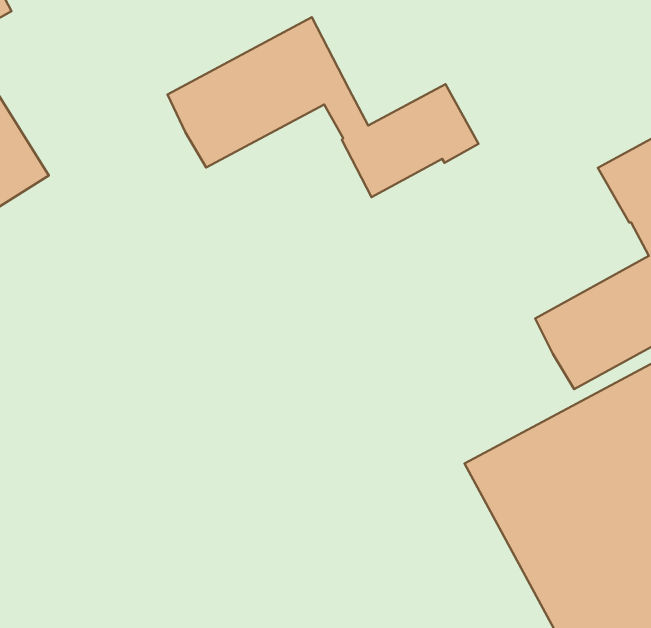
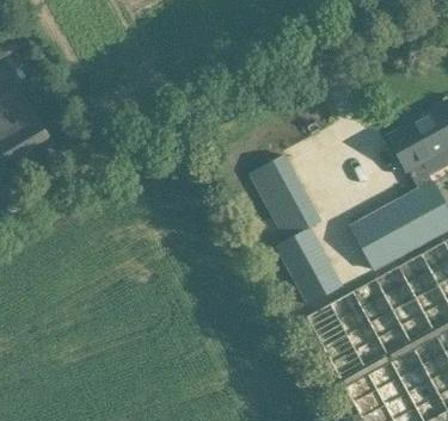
building: [167,17,479,197] -> none
building: none -> [248,155,342,303]

